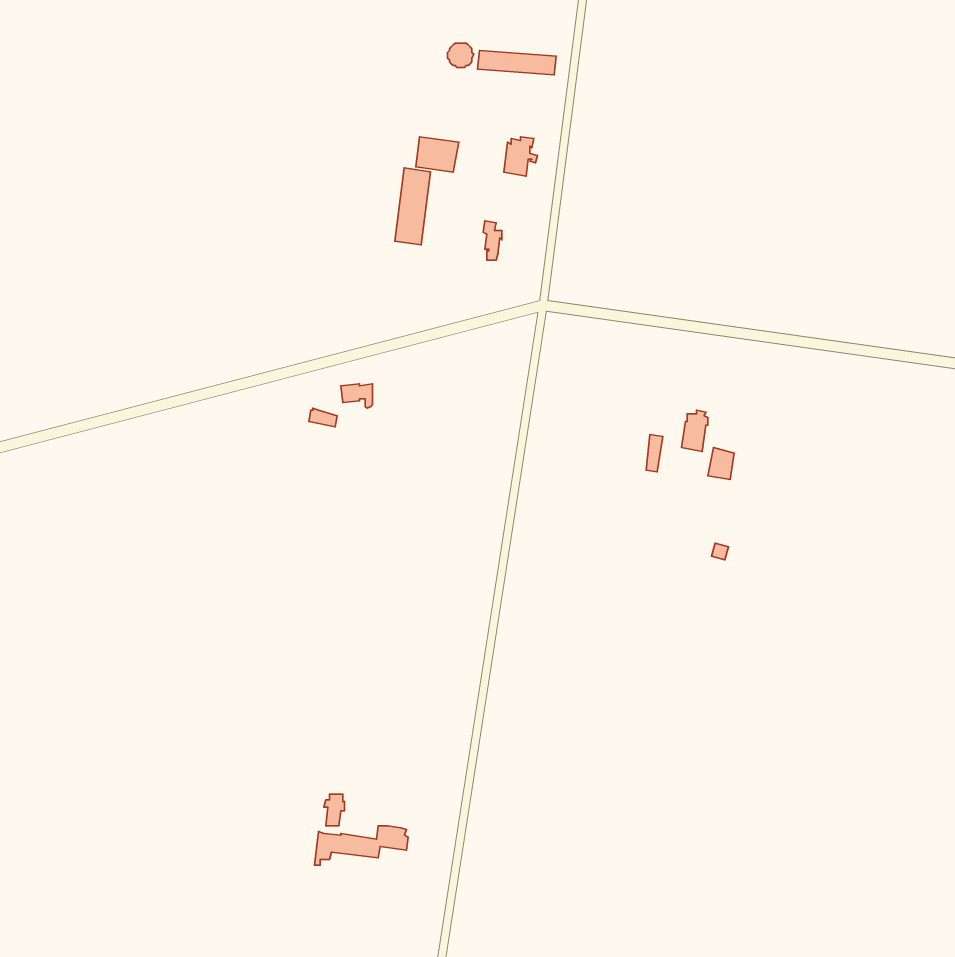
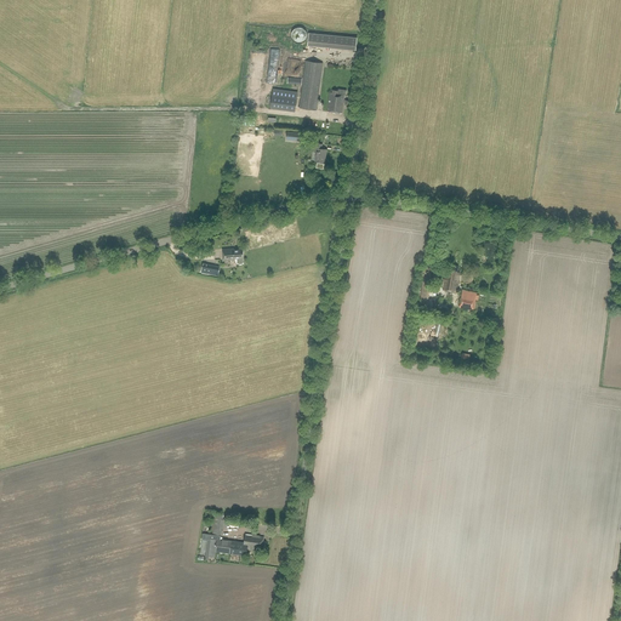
building: [395,168,430,245] -> [298,61,321,110]

